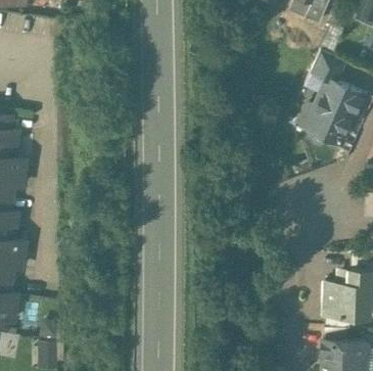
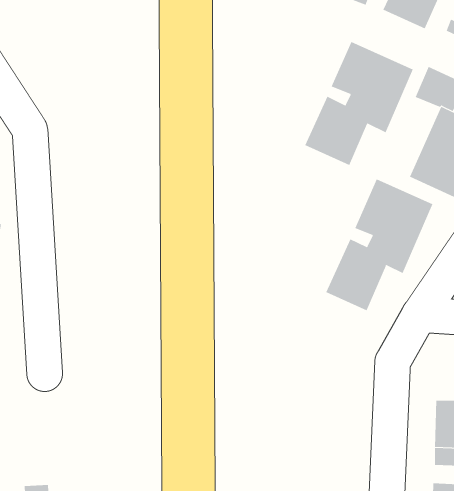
building: none -> [304,41,413,166]
building: none -> [326,179,433,311]

